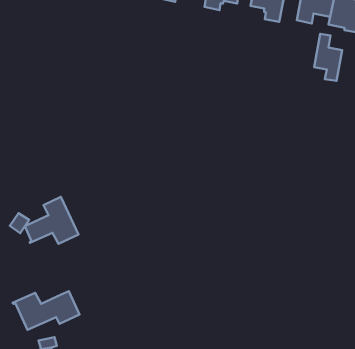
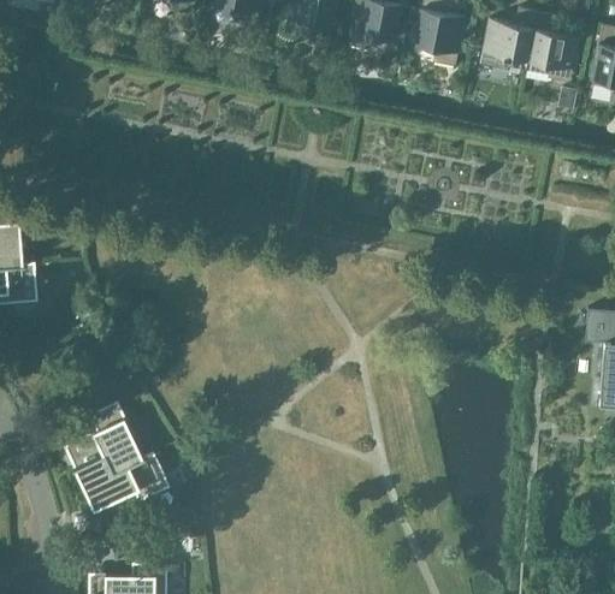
building: [314,34,342,81] -> none
building: [25,197,79,244] -> [65,405,142,473]

